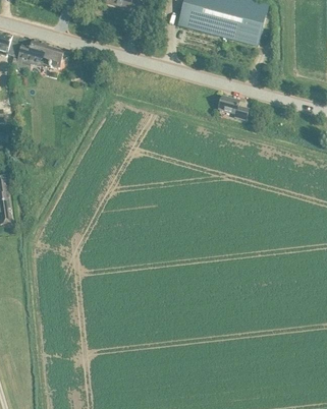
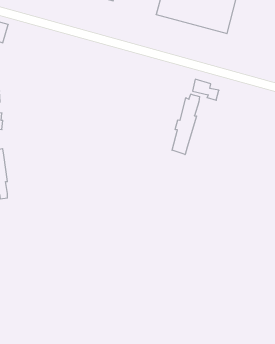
building: [15,41,61,70] -> none
building: none -> [172,94,200,155]

